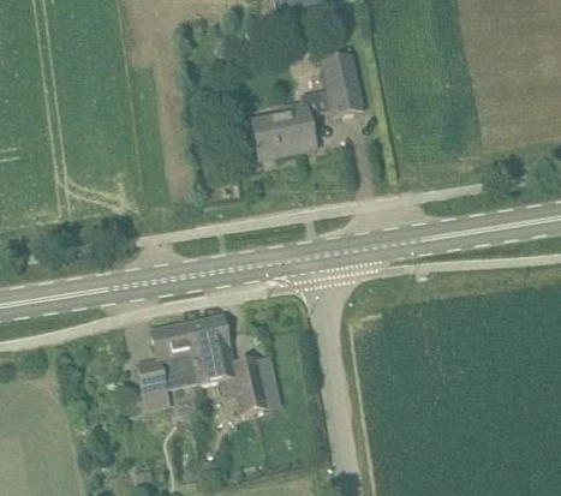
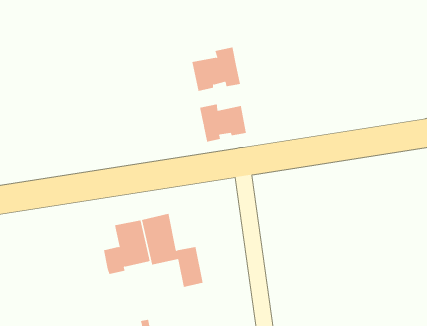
building: [323,55,364,110] -> none
building: none -> [200,104,246,143]

